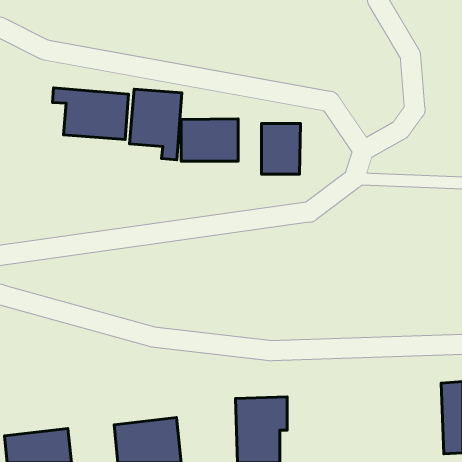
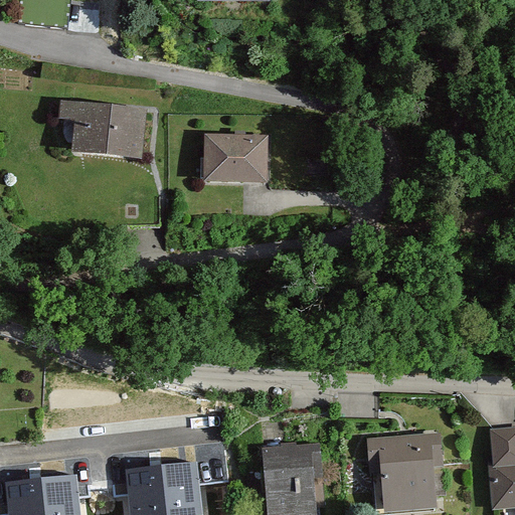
building: [129,89,182,160] -> none
building: [261,123,300,174] -> none
building: none -> [366,436,443,509]

